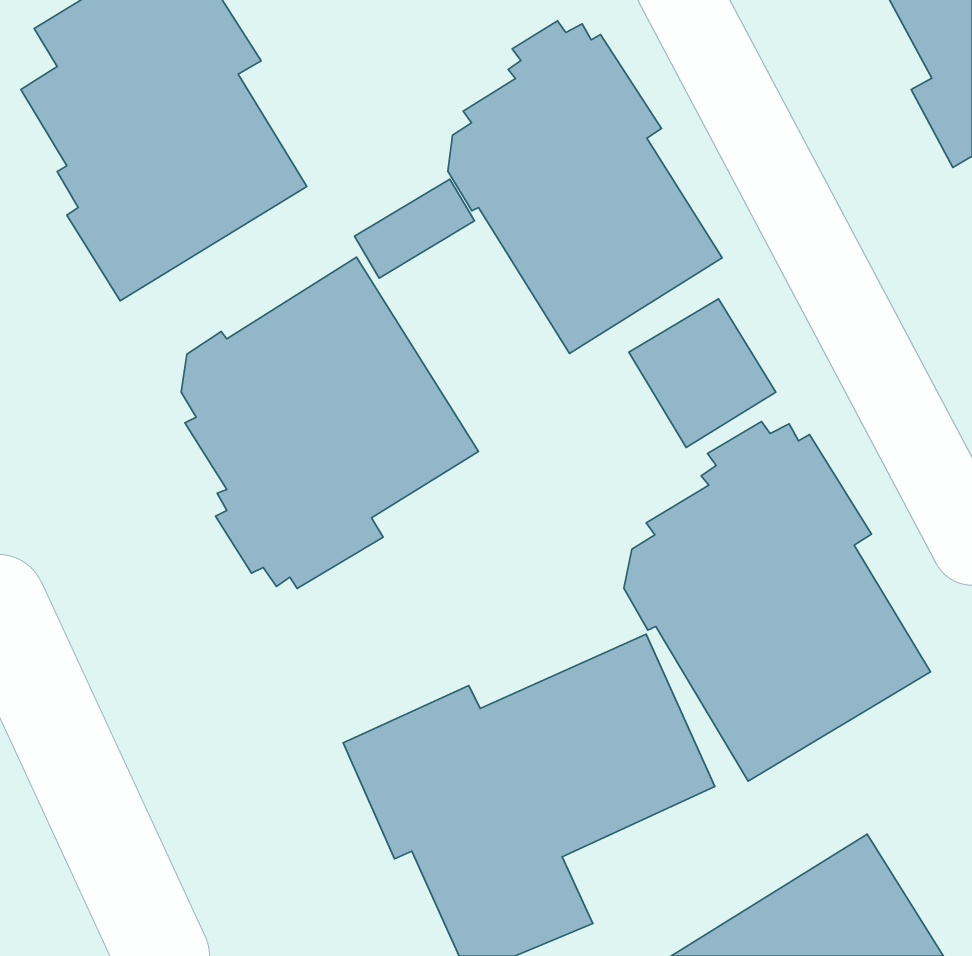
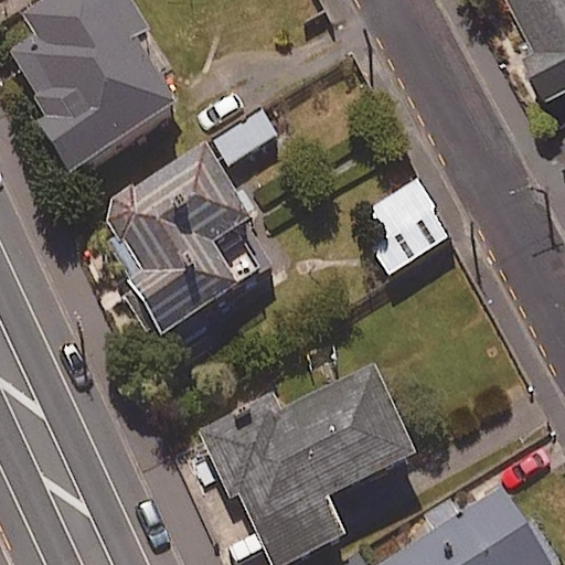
building: [448,21,722,353] -> none
building: [624,421,930,781] -> none

